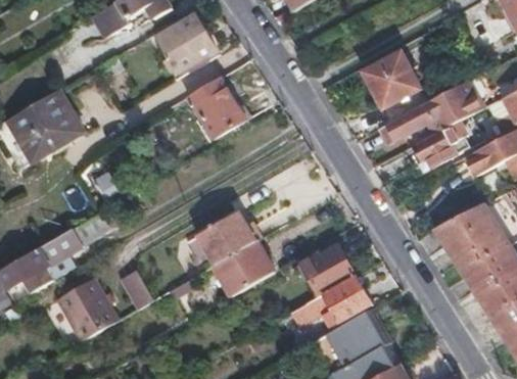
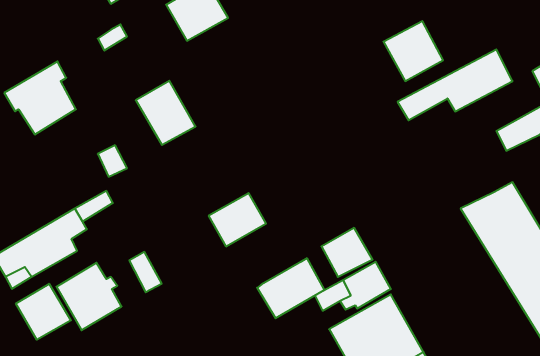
building: [189,78,245,138] -> [136,81,196,145]
building: [412,129,464,171] -> none
building: [209,239,273,295] -> [257,258,324,318]
building: none -> [16,284,71,340]

